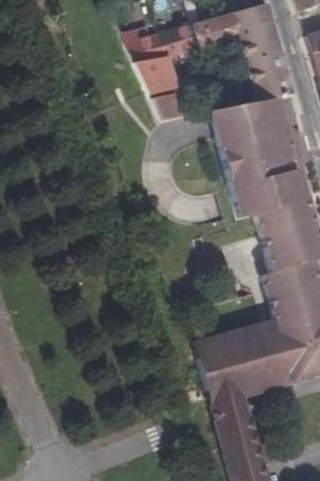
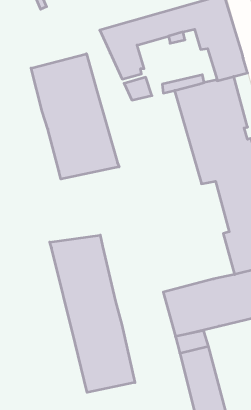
building: none -> [31,54,119,179]
building: none -> [50,235,135,392]

